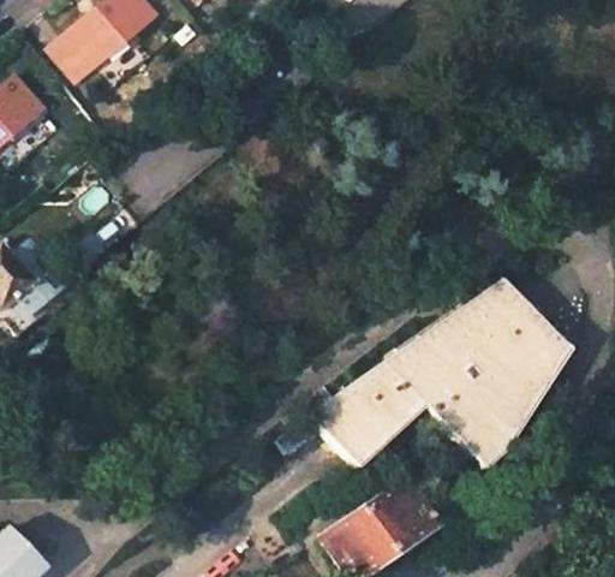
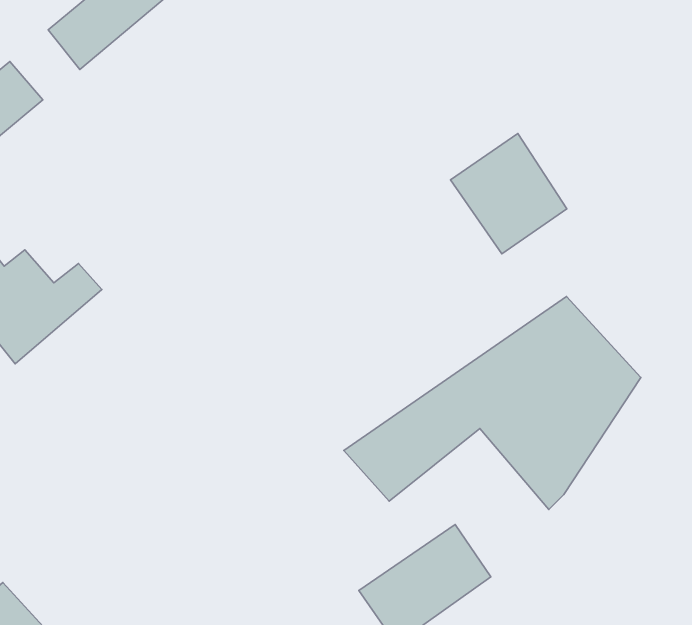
building: none -> [451,134,567,254]
building: [347,394,486,470] -> none

